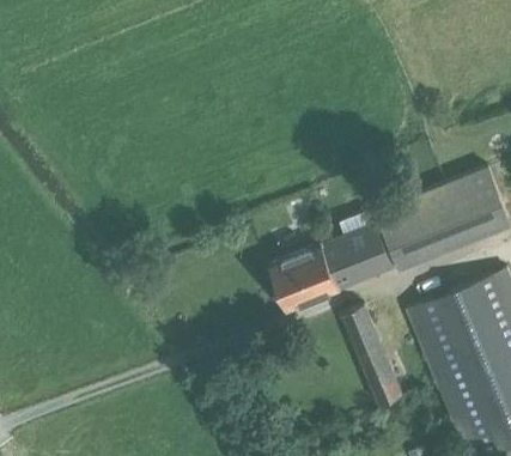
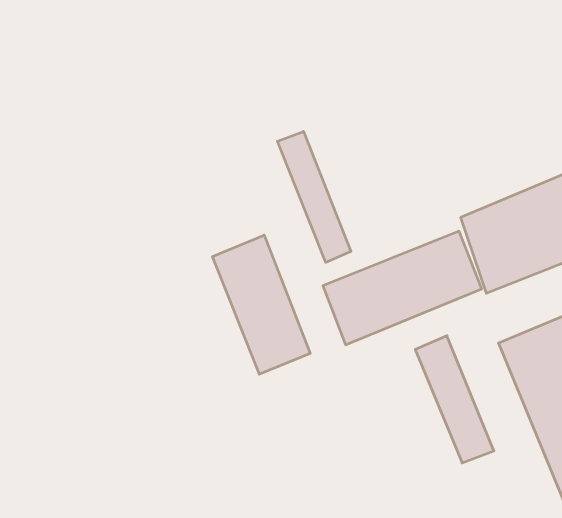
building: none -> [277,131,351,262]
building: none -> [212,235,310,374]

